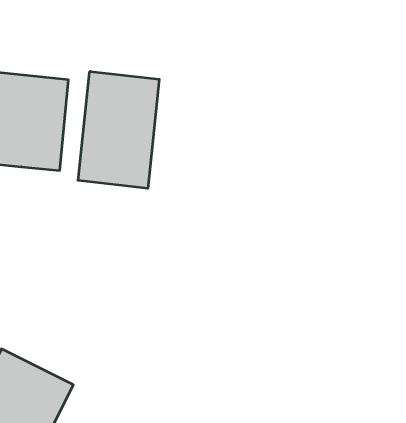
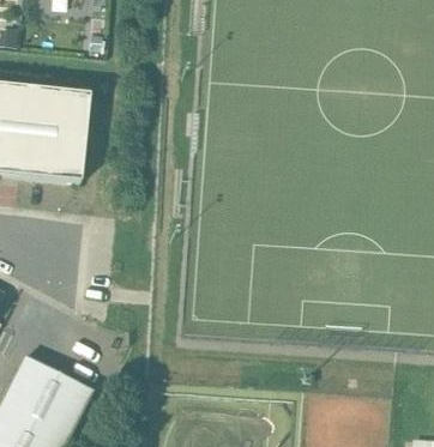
building: [78,71,159,188] -> none

